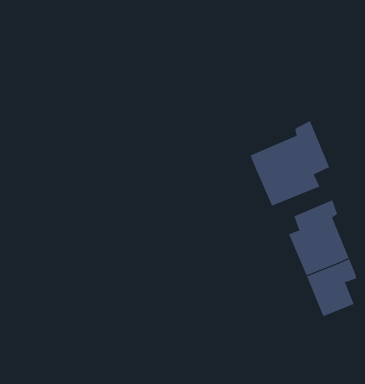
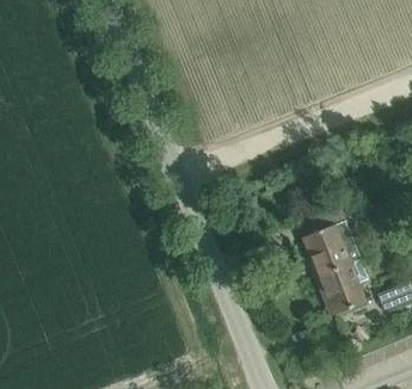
building: [250,120,330,207] -> none

